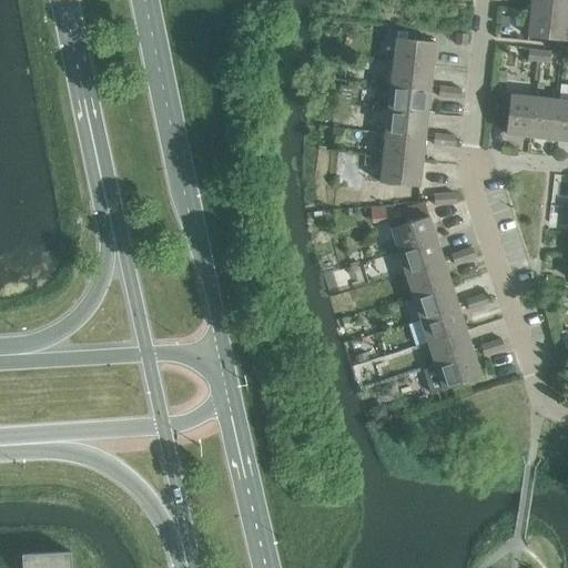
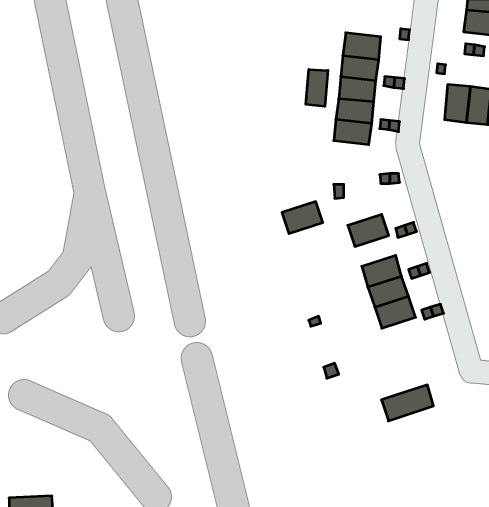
building: none -> [306,69,328,106]
building: [379,156,422,185] -> none
building: [390,215,436,251] -> [282,202,323,234]
building: [406,262,452,296] -> none
building: [423,353,480,393] -> [381,385,433,421]

